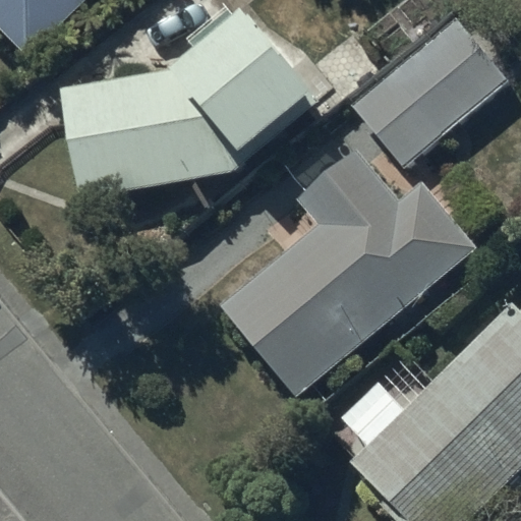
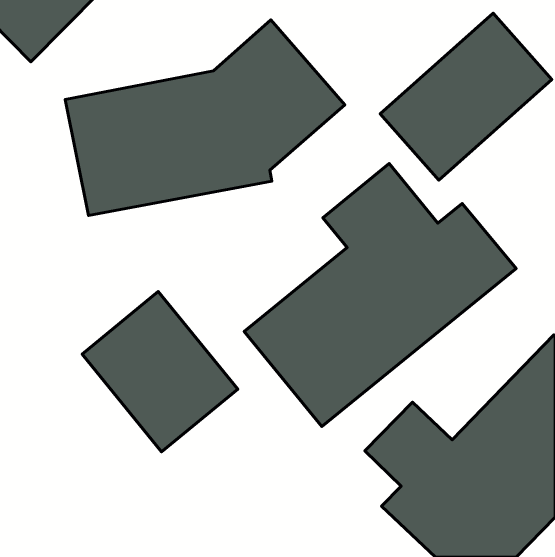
building: none -> [82,292,238,452]

